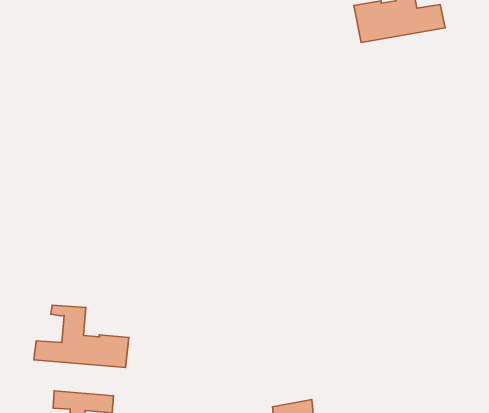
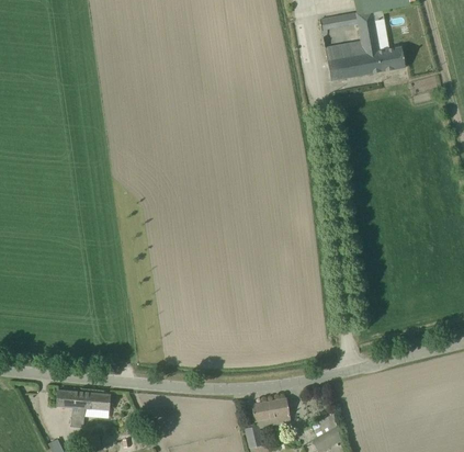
building: [34,305,129,367] -> none

